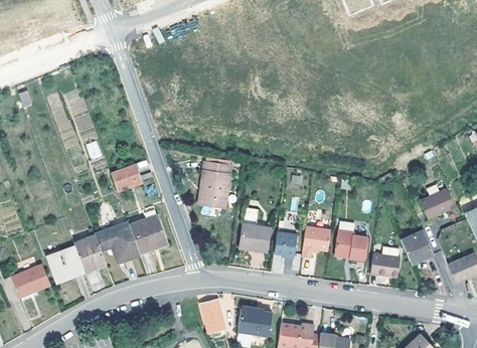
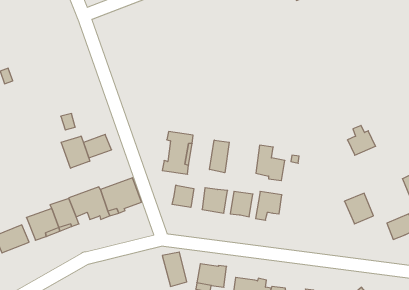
building: none -> [61,136,90,168]
building: none -> [210,140,229,173]
building: [420,185,451,218] -> [347,125,376,155]
building: none -> [172,185,194,207]
building: [336,222,368,262] -> [256,145,285,181]
building: [370,247,402,278] -> none

